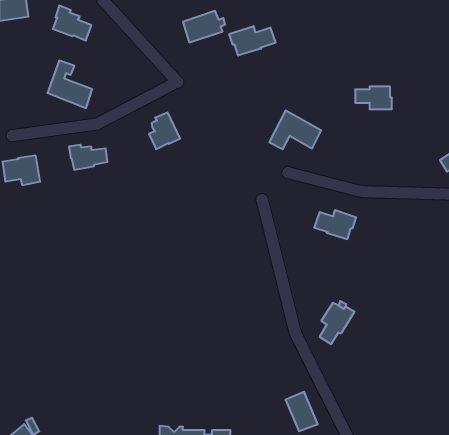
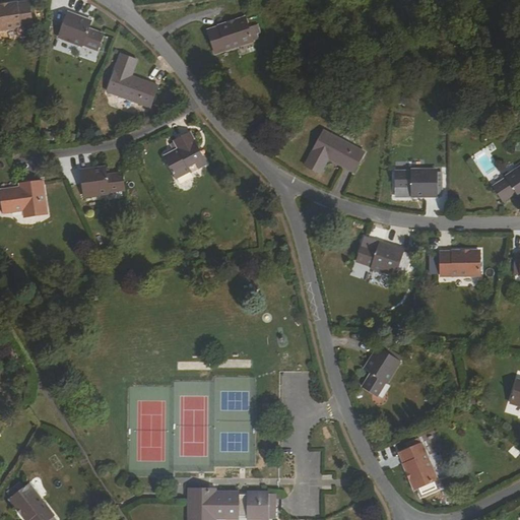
building: [229,26,276,56] -> none
building: [47,61,92,108] -> [107,54,157,108]
building: [355,87,392,109] -> [395,171,437,196]
building: none -> [440,252,479,276]
building: [285,392,318,431] -> [399,444,436,489]

